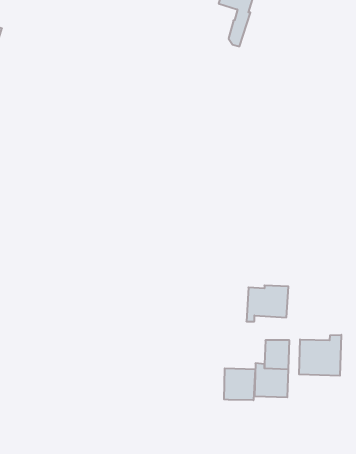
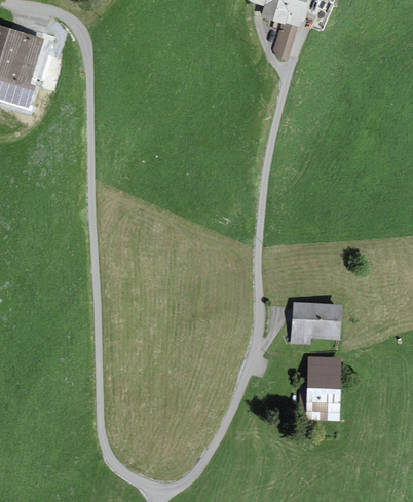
building: [299,335,341,376] -> none
building: [224,368,255,400] -> none

